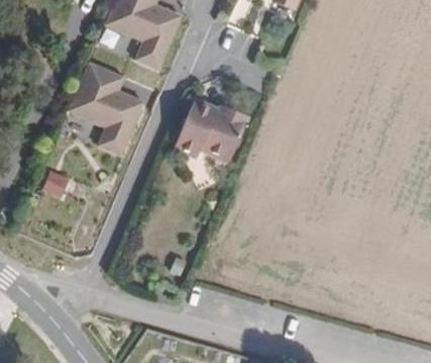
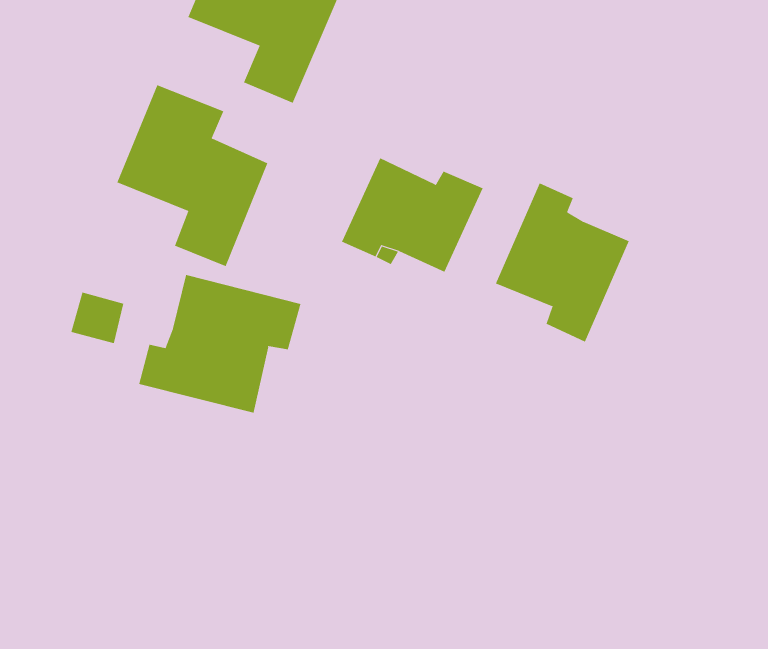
building: none -> [495,183,630,342]
building: none -> [138,274,301,414]

